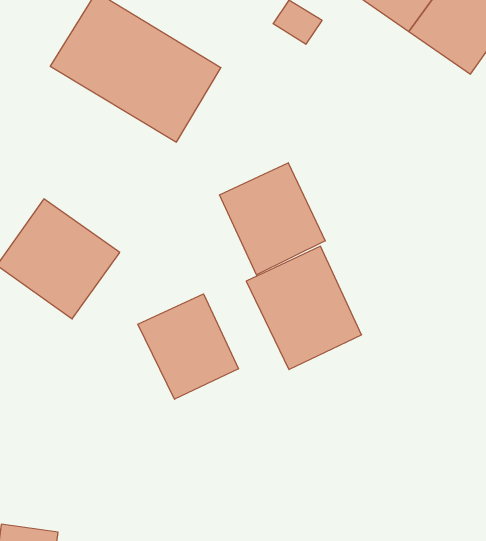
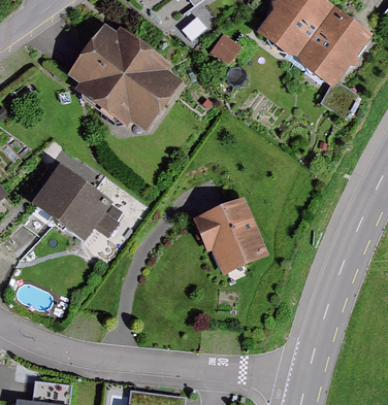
building: [219,163,325,275] -> none
building: [138,294,238,399] -> none

